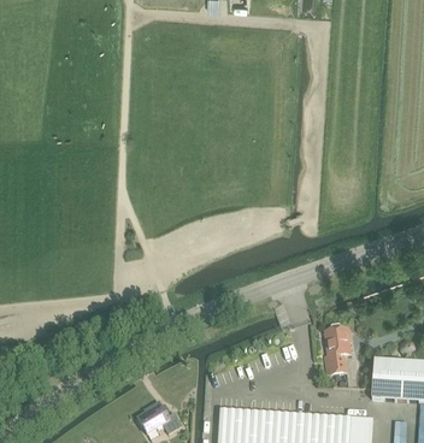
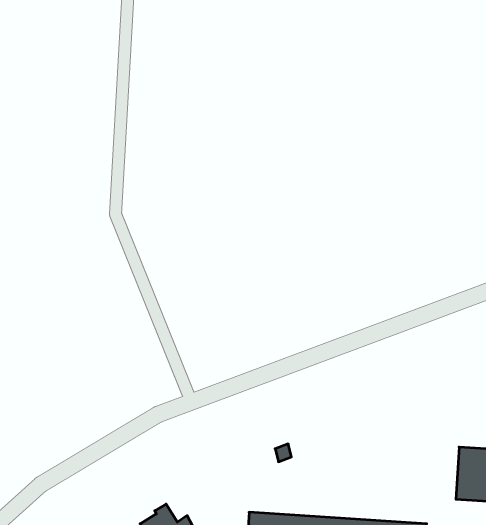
building: [325,323,351,372] -> none

